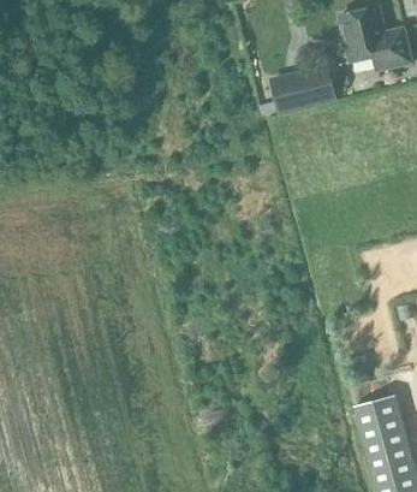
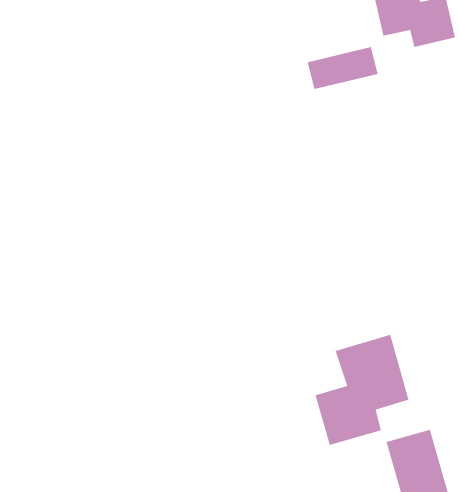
building: none -> [315,334,410,446]

